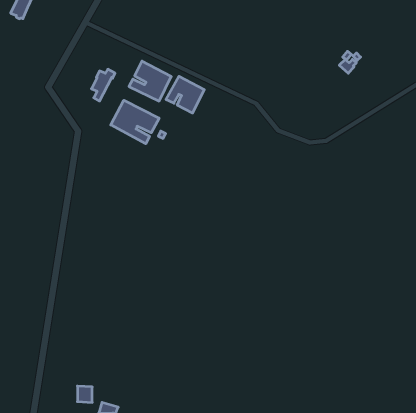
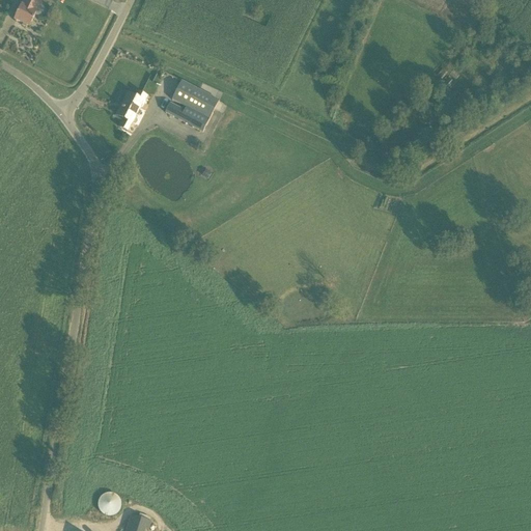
building: [166,76,204,113] -> none
building: [111,100,159,144] -> none

